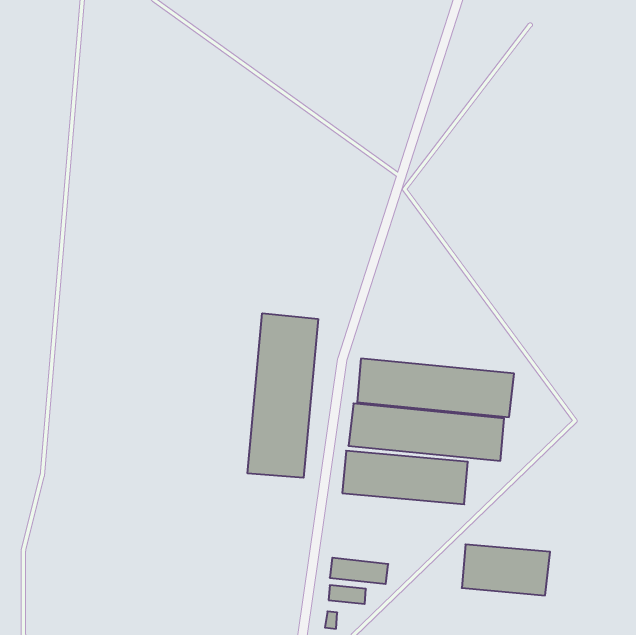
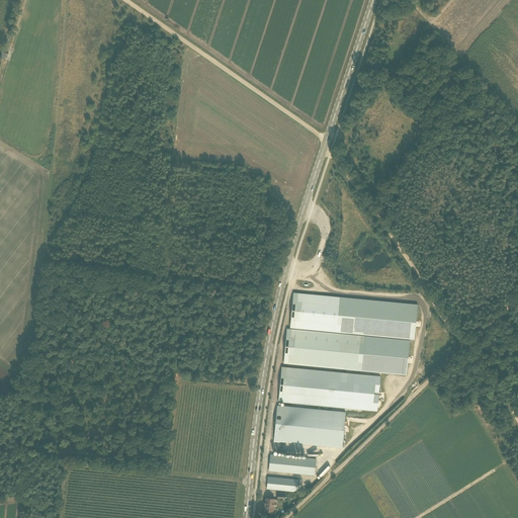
building: [248,313,318,478] -> none
building: [462,544,550,595] -> [274,405,346,446]

